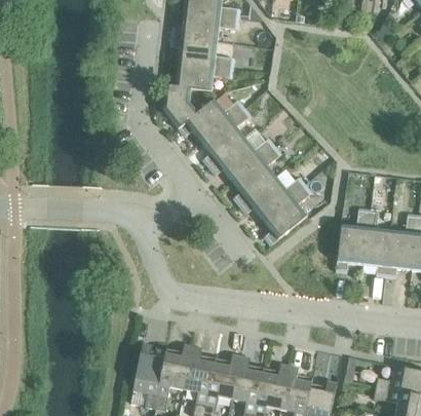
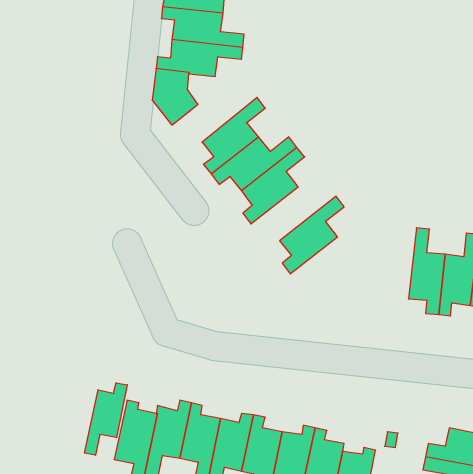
building: [177,99,243,142] -> none
building: [238,176,305,219] -> none
building: [335,207,368,271] -> none
building: none -> [84,383,127,455]

